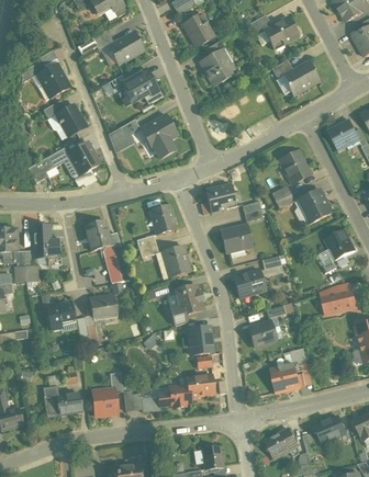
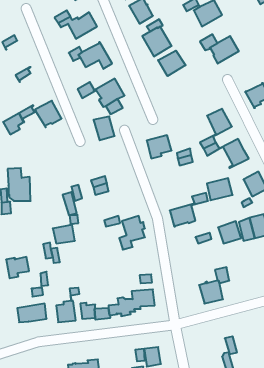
building: [36,63,70,96] -> none
building: none -> [158,51,186,76]
building: [56,103,87,136] -> none
building: [149,204,176,234] -> [93,116,115,140]
building: [85,218,112,250] -> none
building: [221,224,253,251] -> [207,178,233,200]
building: [161,245,190,276] -> none
building: [46,302,75,328] -> [6,257,29,278]
building: [248,319,277,347] -> [218,221,241,243]
building: [190,325,211,353] -> none
building: [315,416,346,443] -> none
building: [265,428,298,457] -> none

